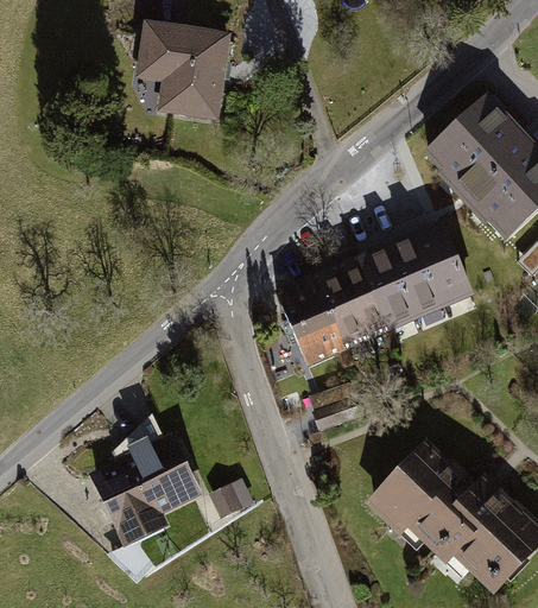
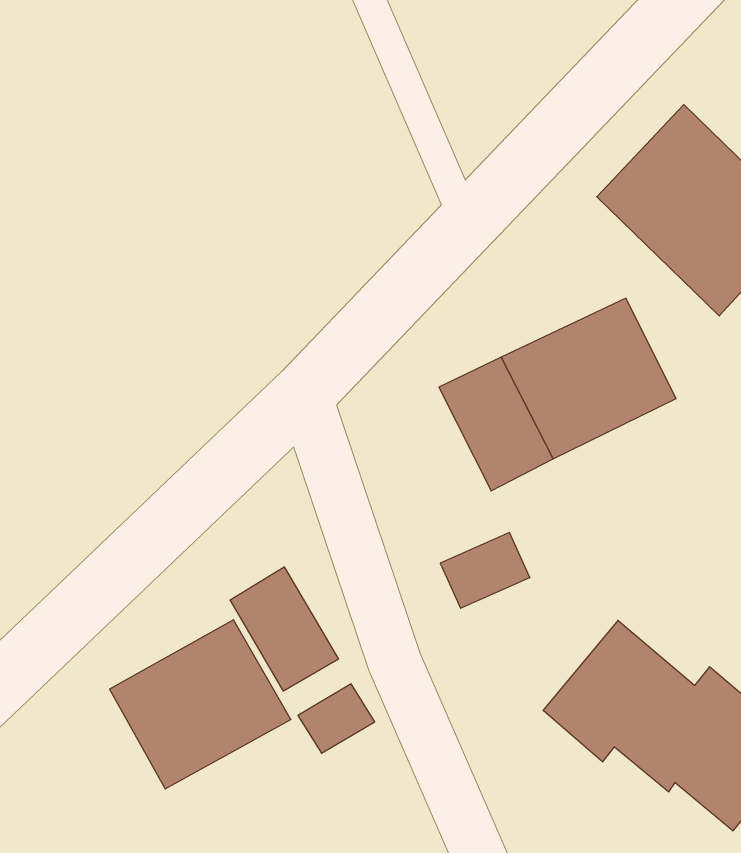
building: [137,21,235,121] -> none
building: [273,278,346,366] -> none
building: none -> [230,567,339,691]

